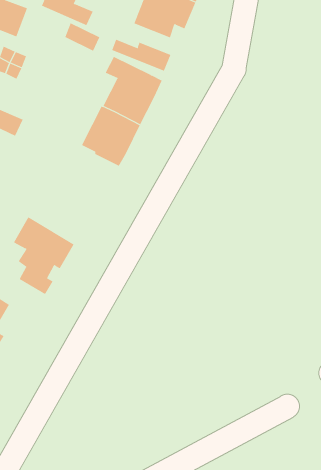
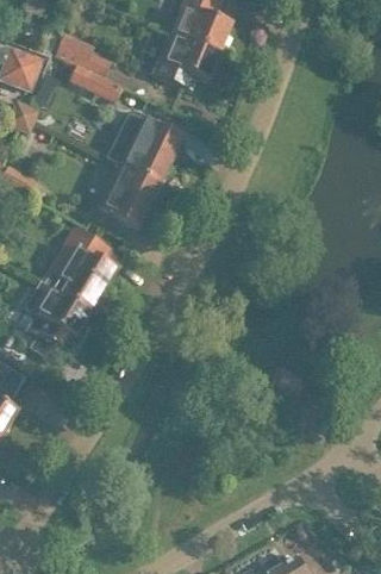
building: [111,39,171,71] -> none
building: none -> [40,227,115,310]

